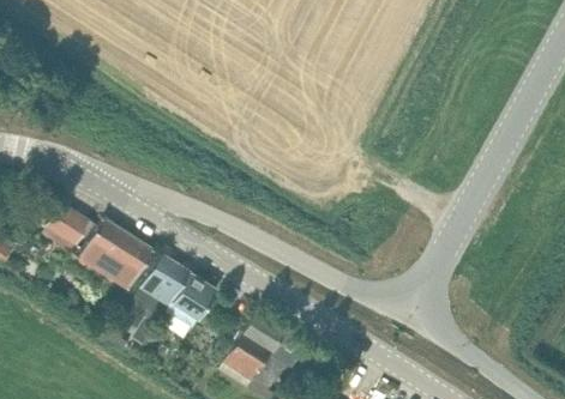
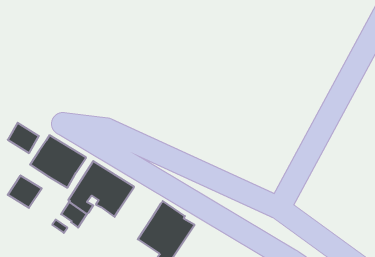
building: none -> [8,175,42,208]

